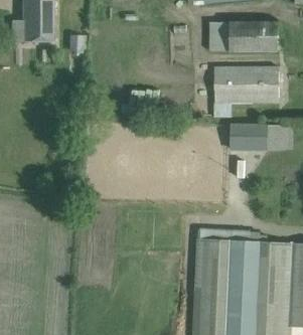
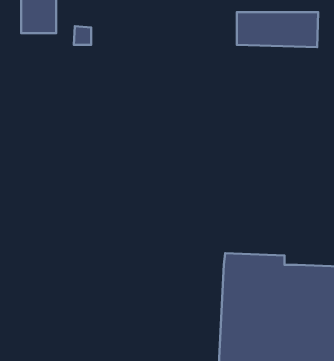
building: [214,64,280,117] -> none
building: [231,123,271,151] -> none

